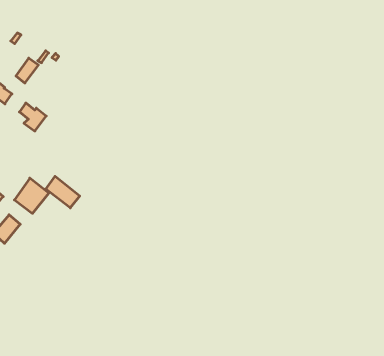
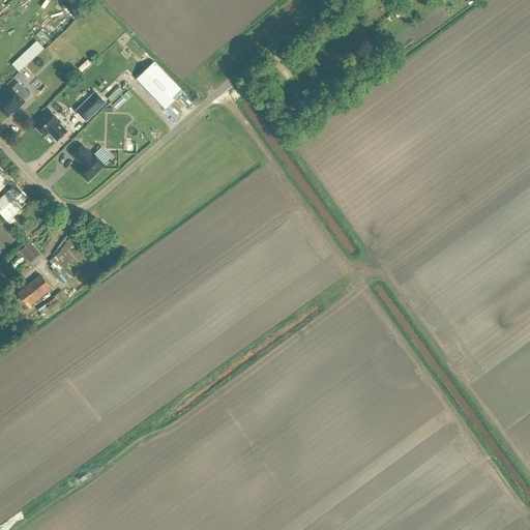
building: none -> [136,60,182,108]
building: [46,176,80,208] -> none

